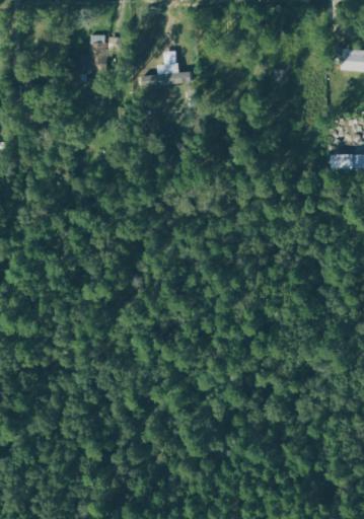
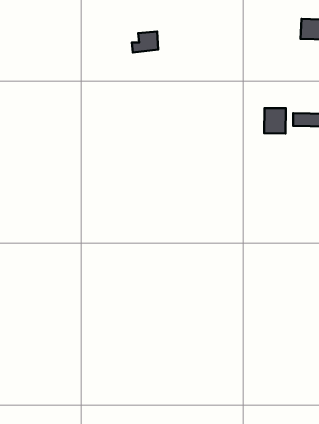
building: [77,35,106,73] -> none
building: none -> [264,108,286,133]

